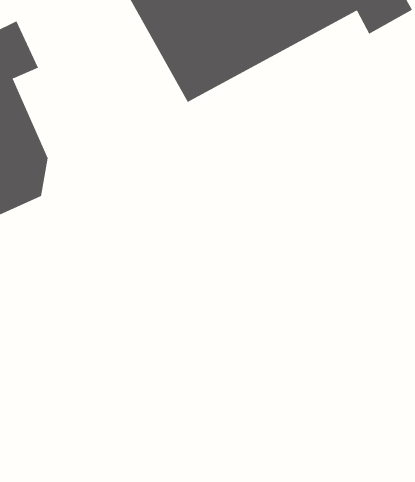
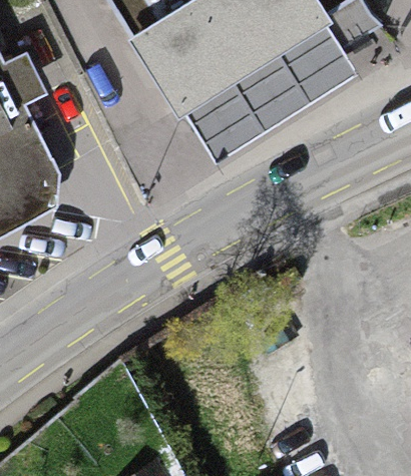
building: none -> [184,27,357,162]

